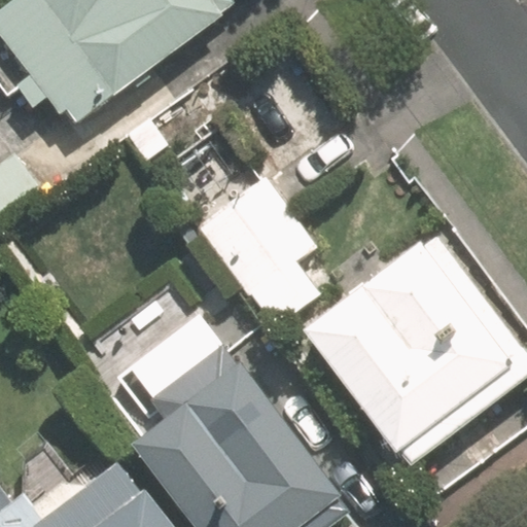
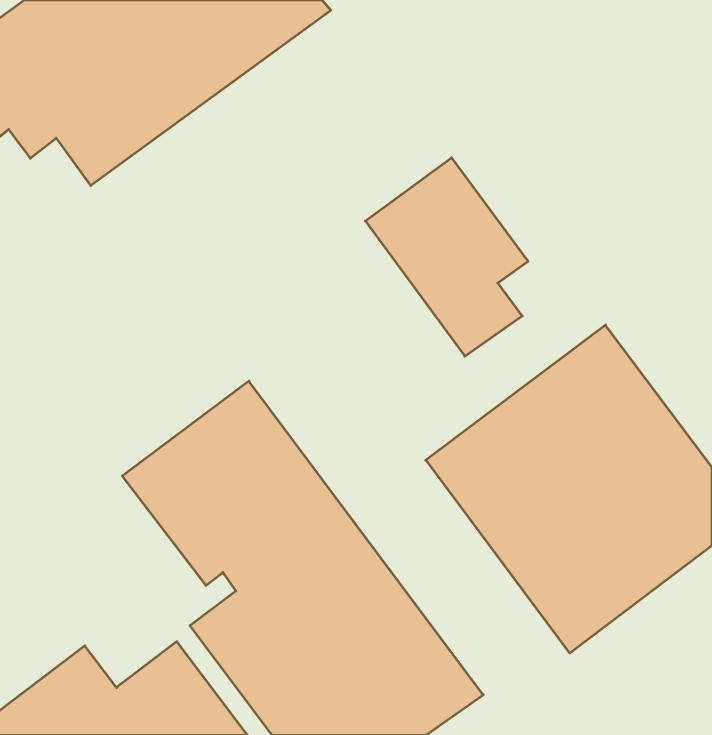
building: [196,179,312,321] -> [365,158,528,356]

